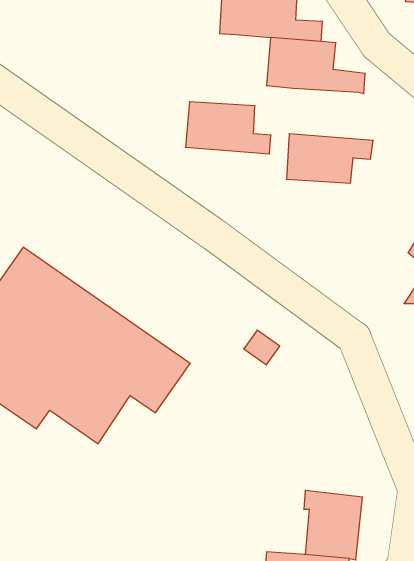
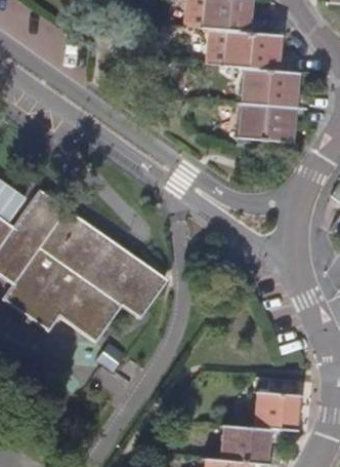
building: [185,102,271,154] -> [243,69,308,109]

